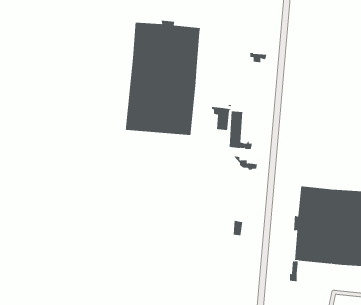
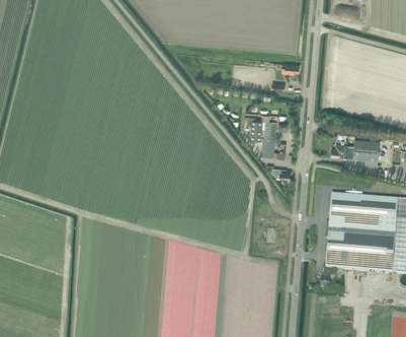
building: [125,20,201,136] -> none
building: none -> [331,136,379,162]

